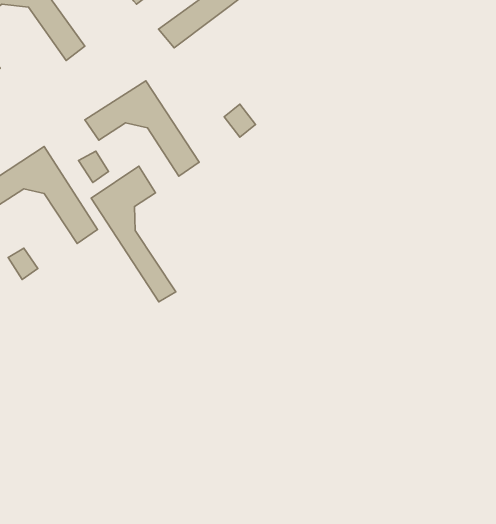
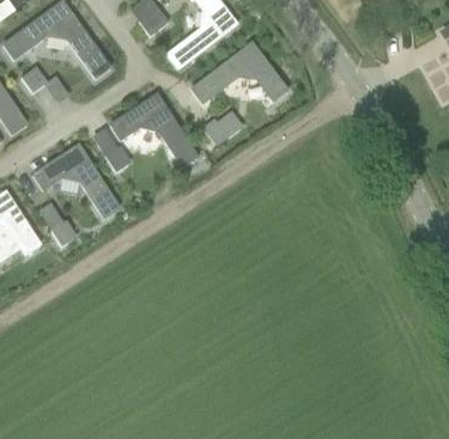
building: none -> [192,42,287,103]
building: [91,166,176,302] -> none

